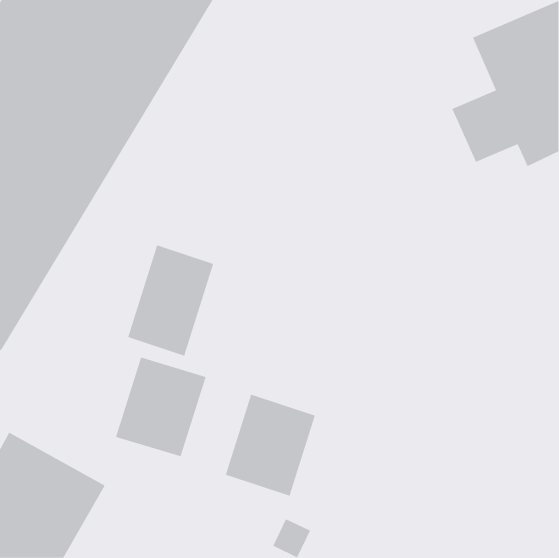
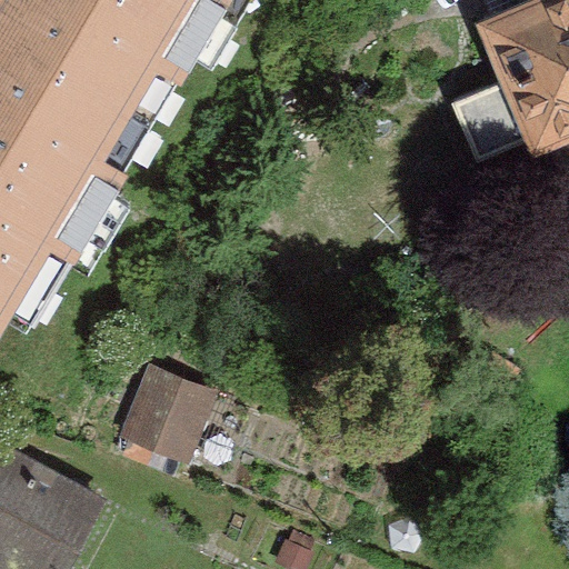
building: [128,245,214,356] -> none
building: [225,394,315,497] -> none

